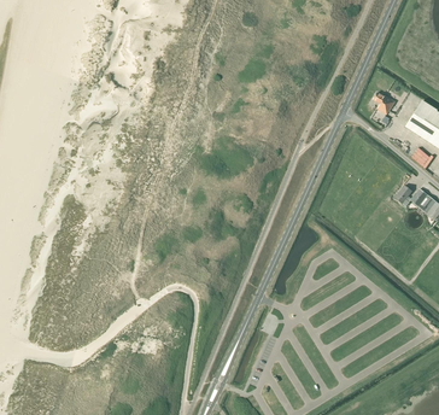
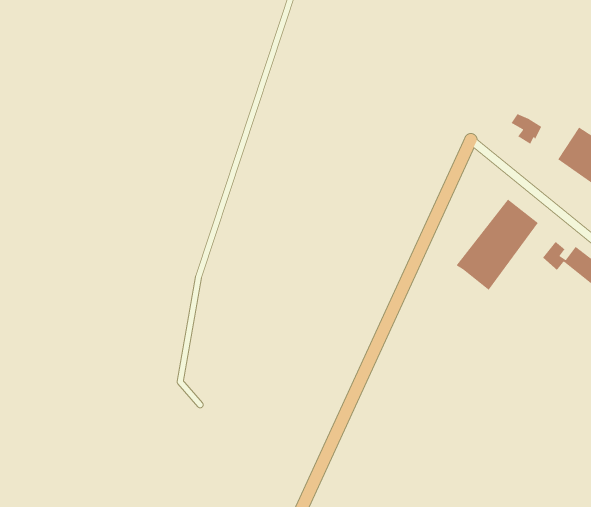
building: none -> [455,198,539,291]

